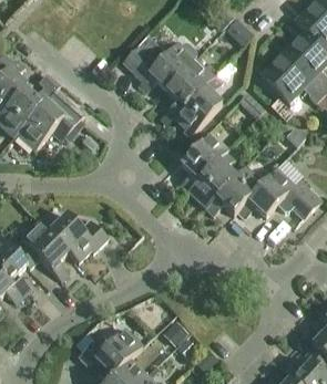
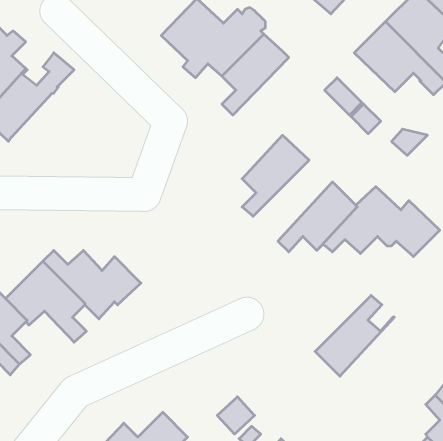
building: [174,65,233,137] -> none
building: [17,101,80,151] -> none
building: [188,151,245,208] -> [315,295,394,376]

